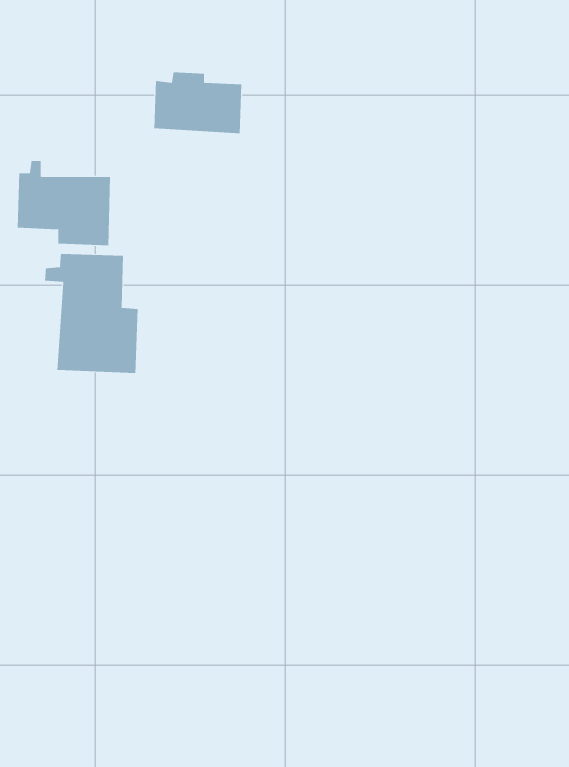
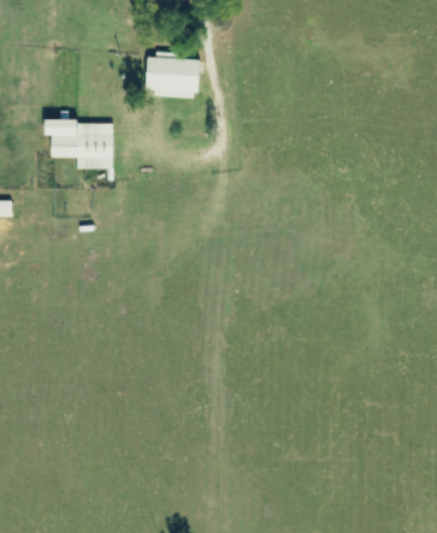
building: [44,253,138,374] -> none

